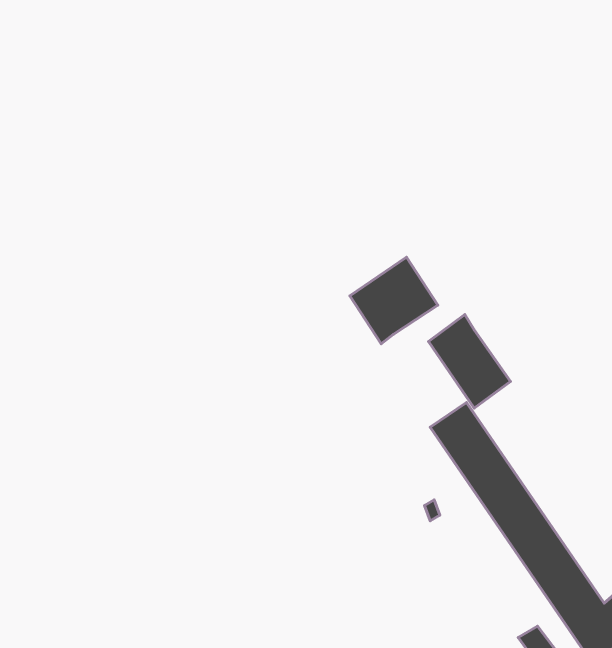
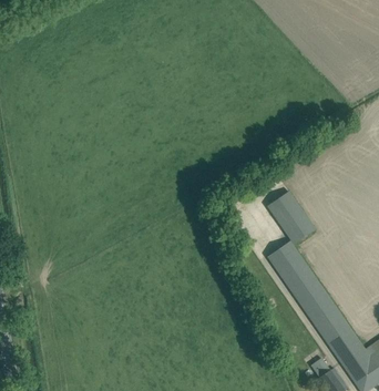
building: [350,257,438,344] -> none

